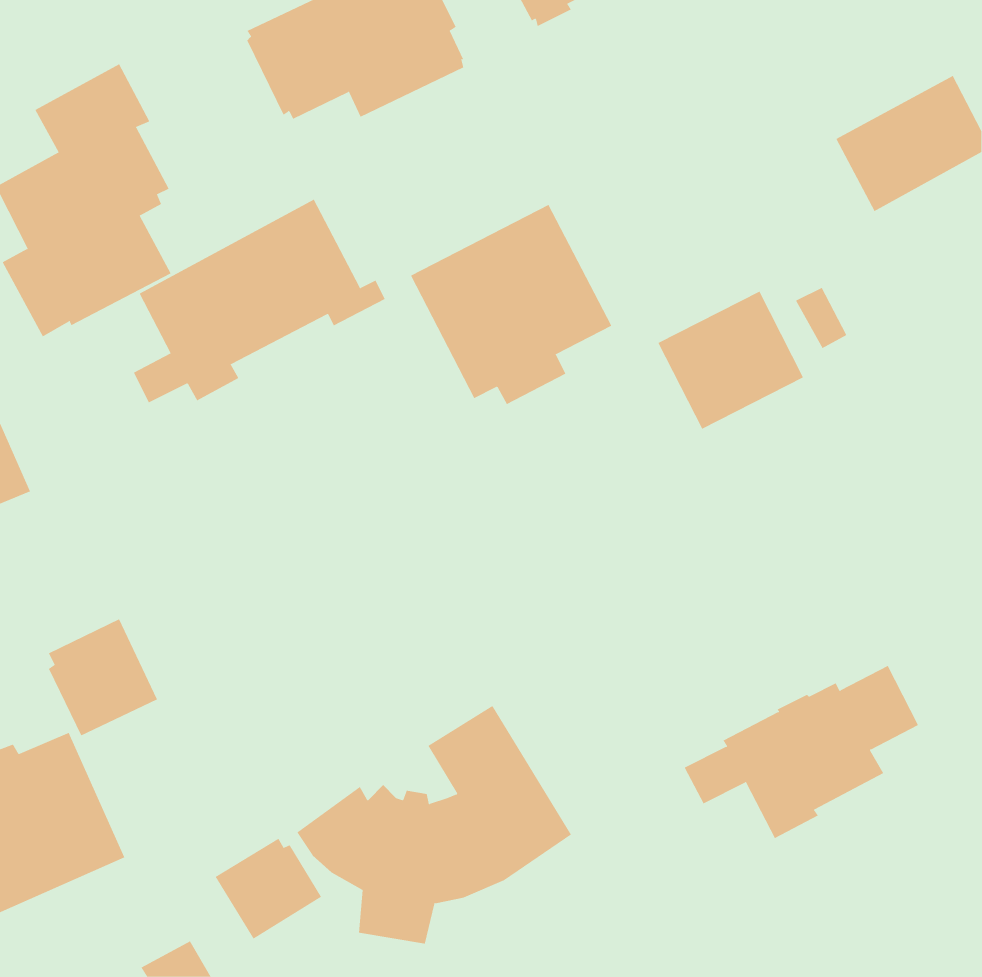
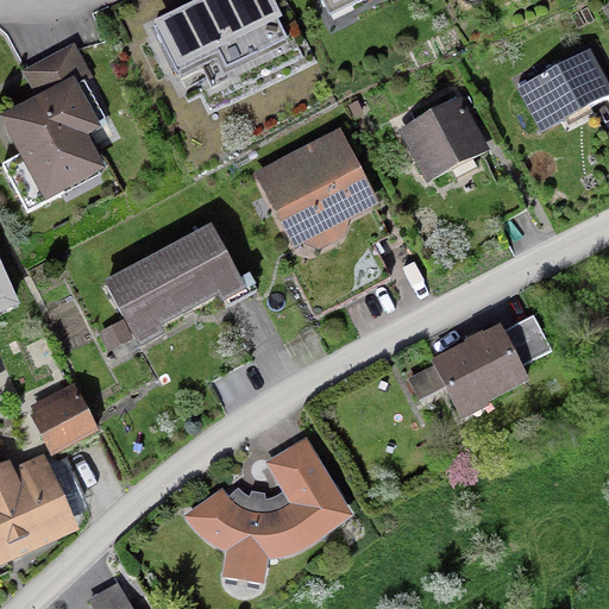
building: [133,199,385,403] -> [99,222,255,349]
building: [658,291,804,429] -> [398,94,489,180]
building: [684,665,919,839] -> [406,313,551,420]
building: [215,838,322,939] -> none

